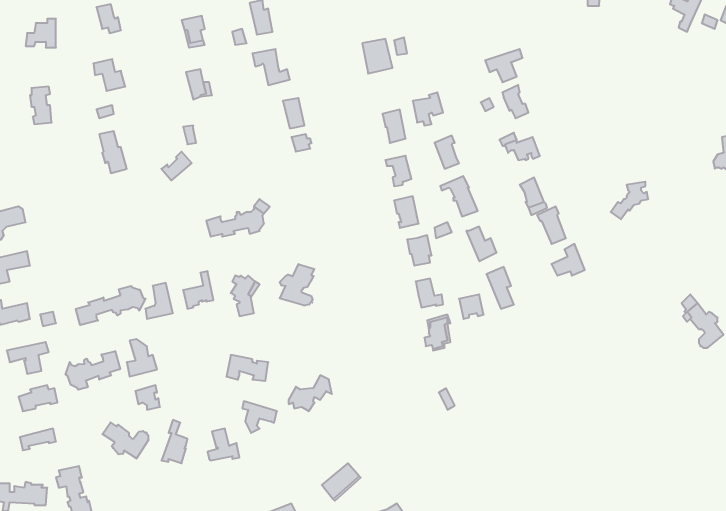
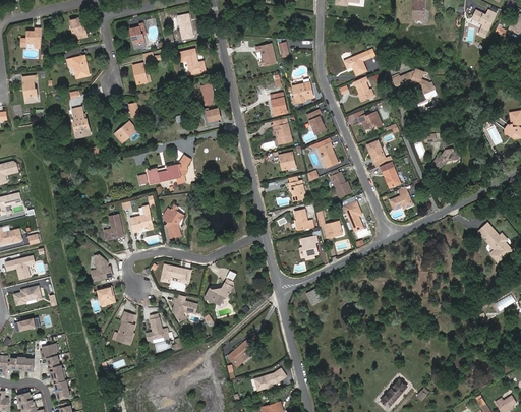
building: none -> [391,67,436,98]
building: [280,264,314,306] -> none
building: [76,286,146,325] -> none
building: [66,351,120,390] -> none
building: [102,422,148,459] -> none

